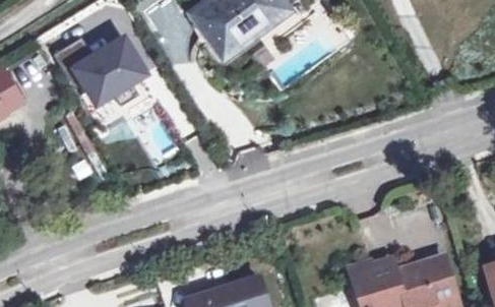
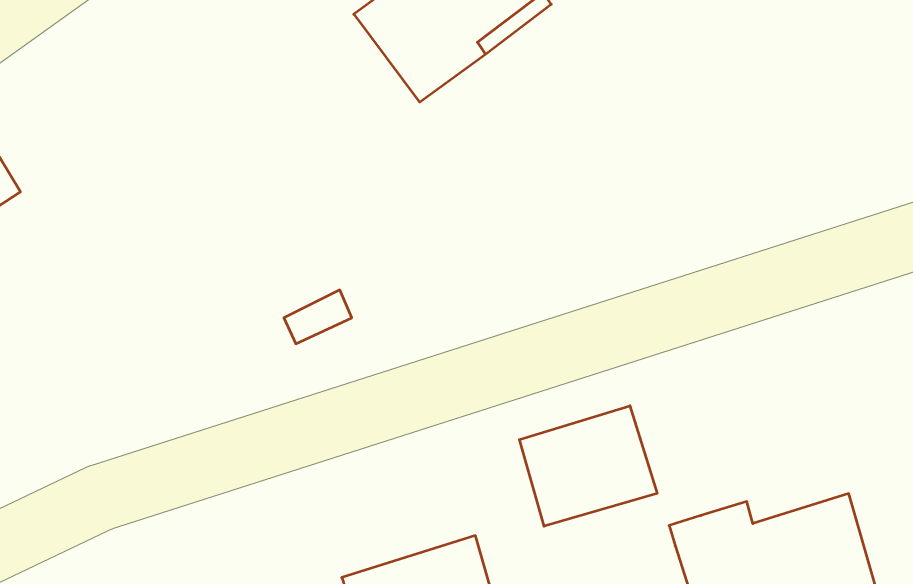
building: [56,37,145,105] -> none
building: none -> [519,406,657,526]

